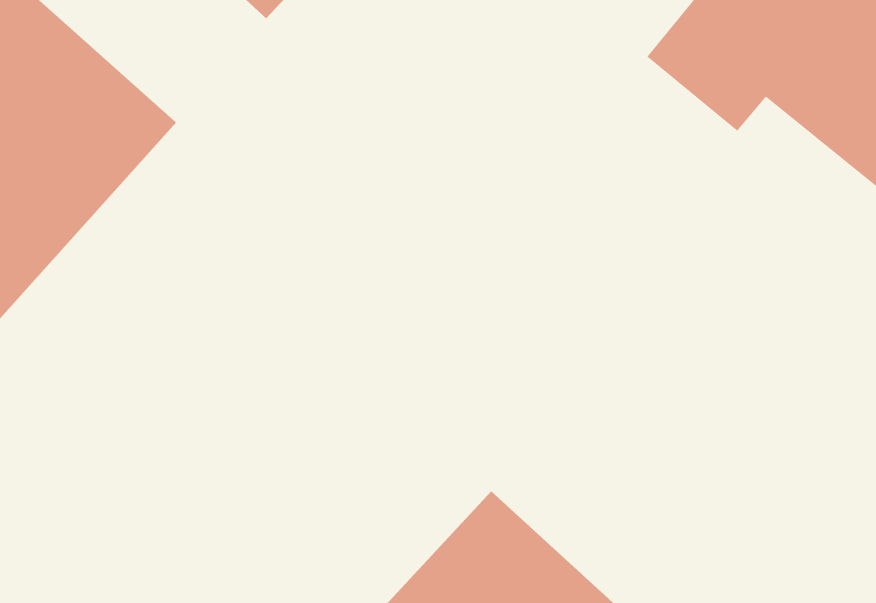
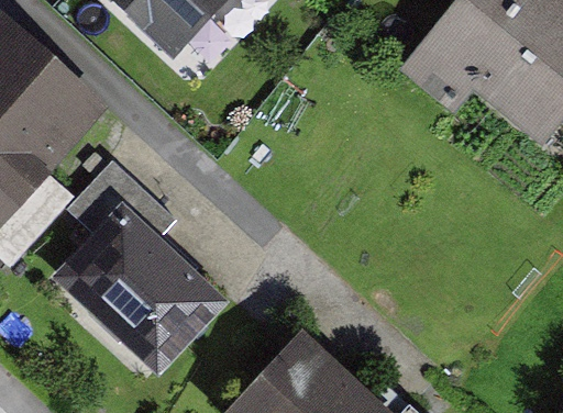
building: none -> [53,201,233,379]

